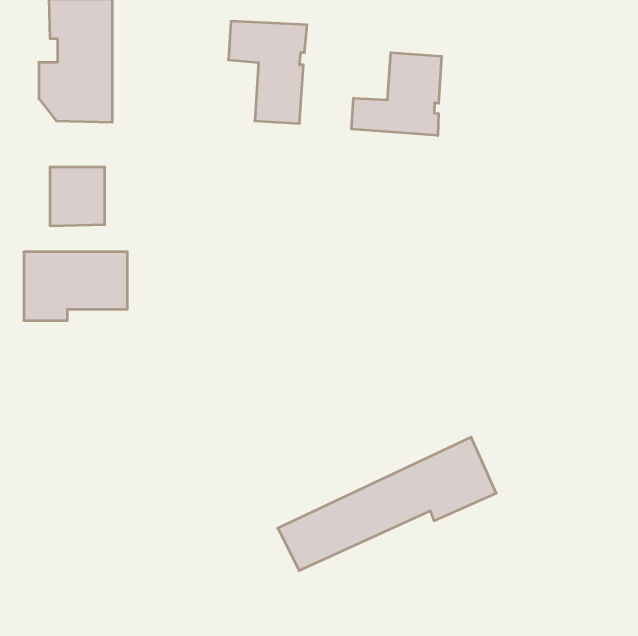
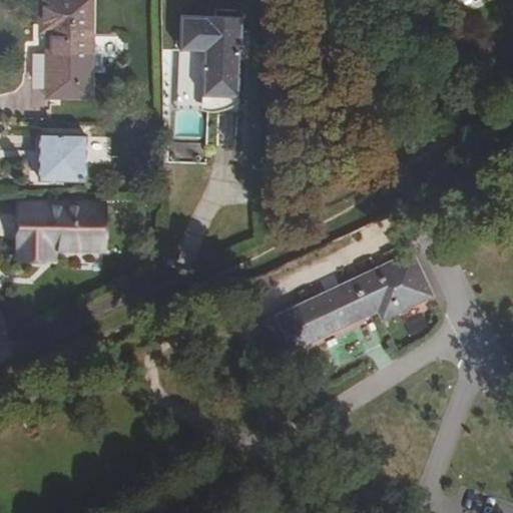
building: [352,53,442,136] -> none
building: [278,437,496,571] -> [252,254,428,362]

